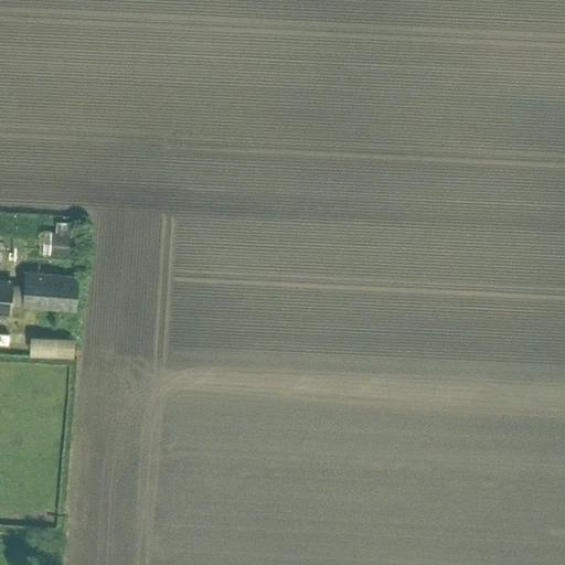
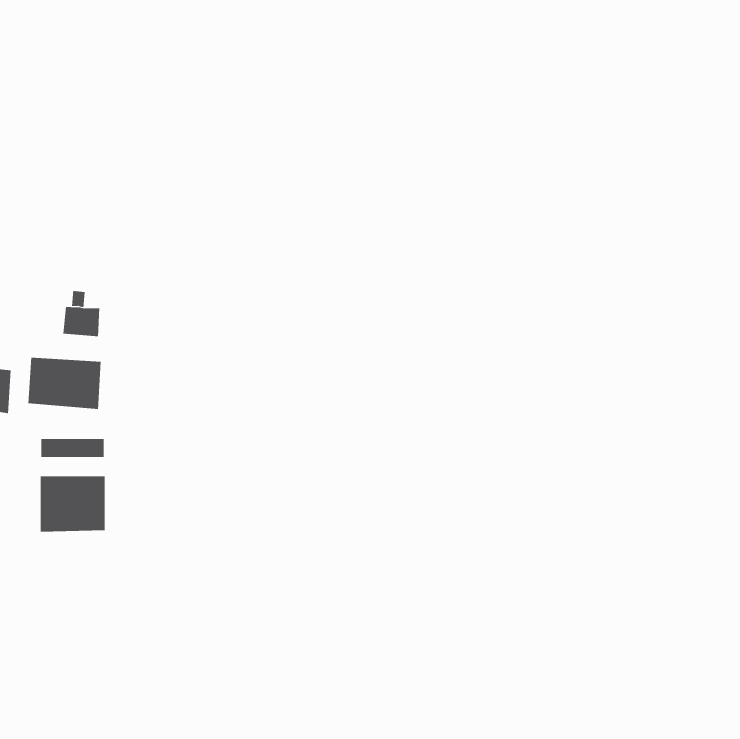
building: none -> [40,476,105,532]

